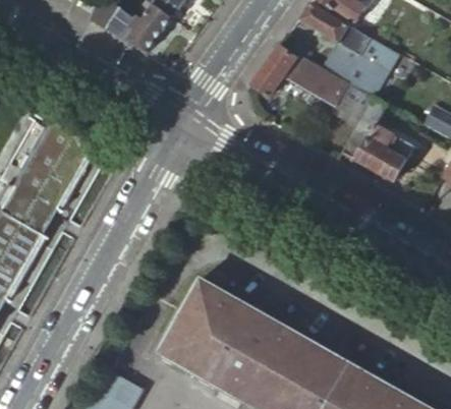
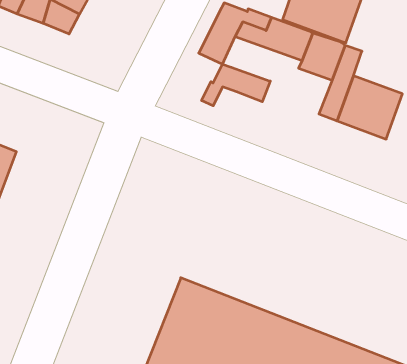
building: none -> [202,64,270,106]

